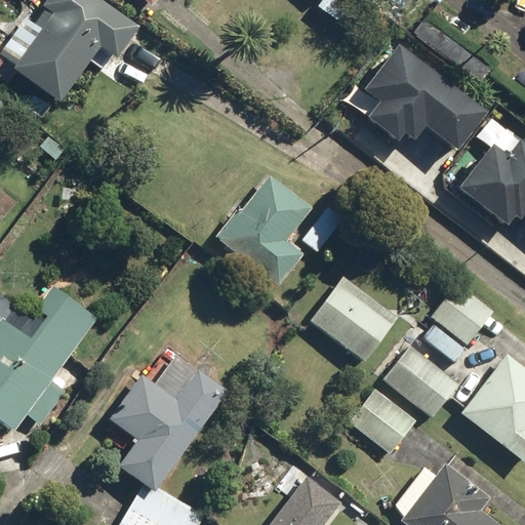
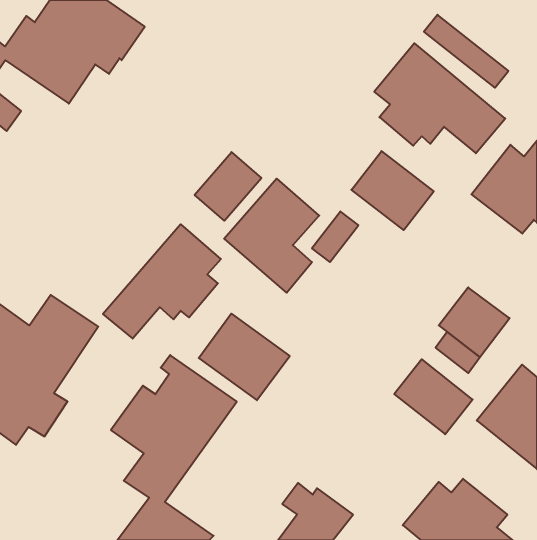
building: none -> [351,151,434,230]
building: none -> [195,152,261,221]
building: none -> [103,224,221,339]
building: [306,282,394,366] -> [199,314,290,400]
building: [345,387,415,455] -> none

